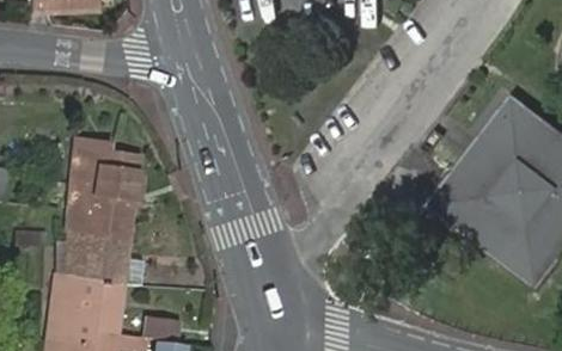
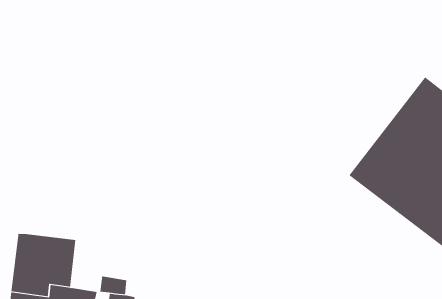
building: [65,140,139,279] -> none

